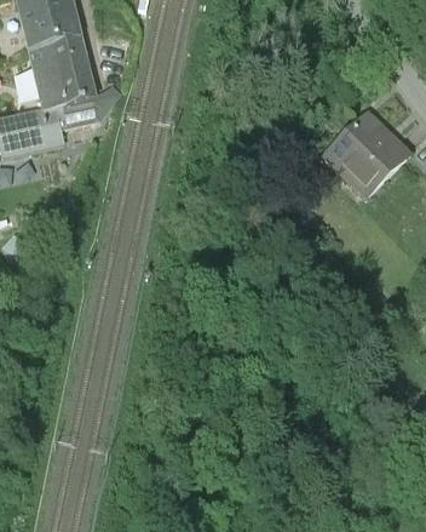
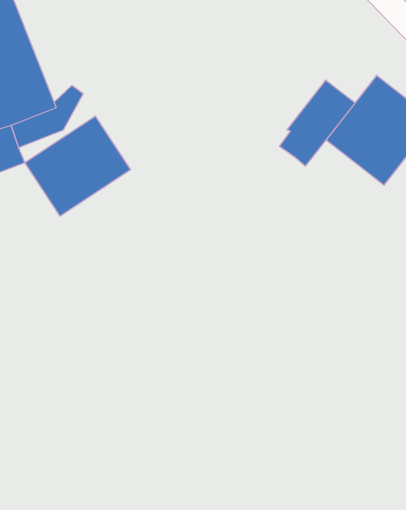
building: none -> [280,80,355,166]
building: none -> [25,116,131,216]

